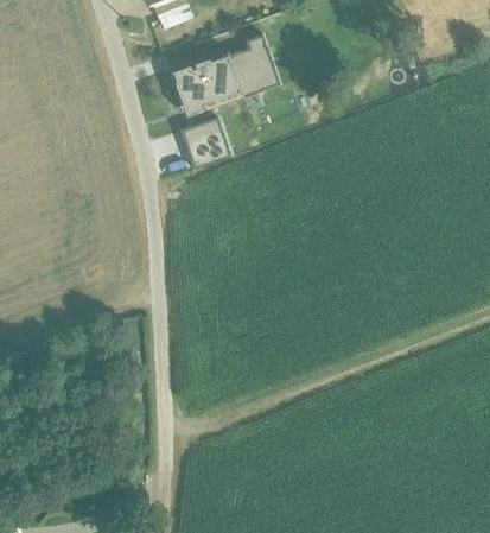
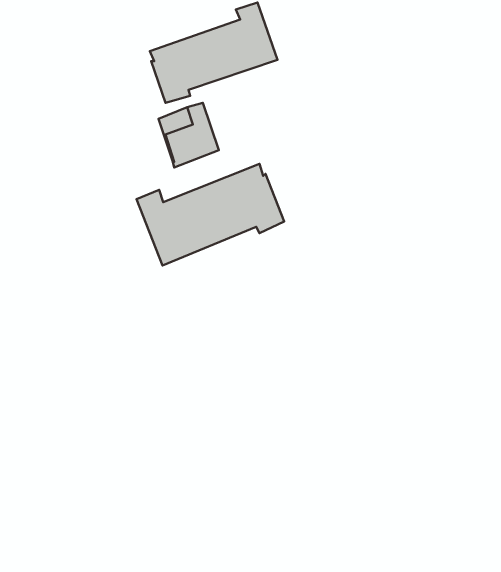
building: none -> [137,164,284,265]

